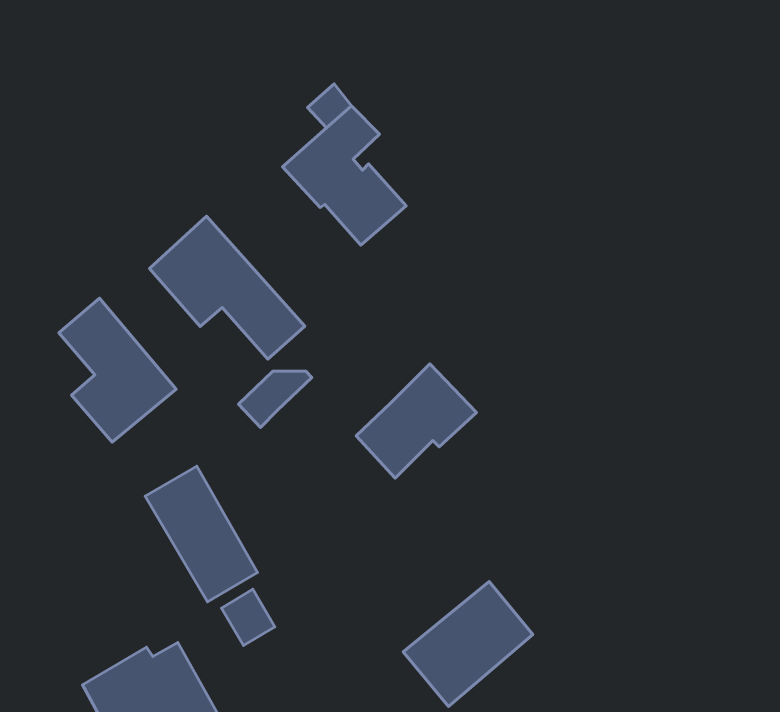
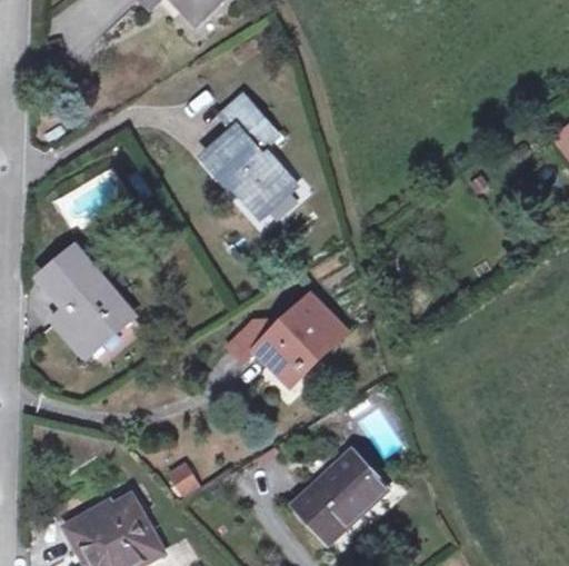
building: [149,216,305,359] -> none
building: [238,371,312,427] -> [231,321,283,361]
building: [145,466,257,602] -> none

